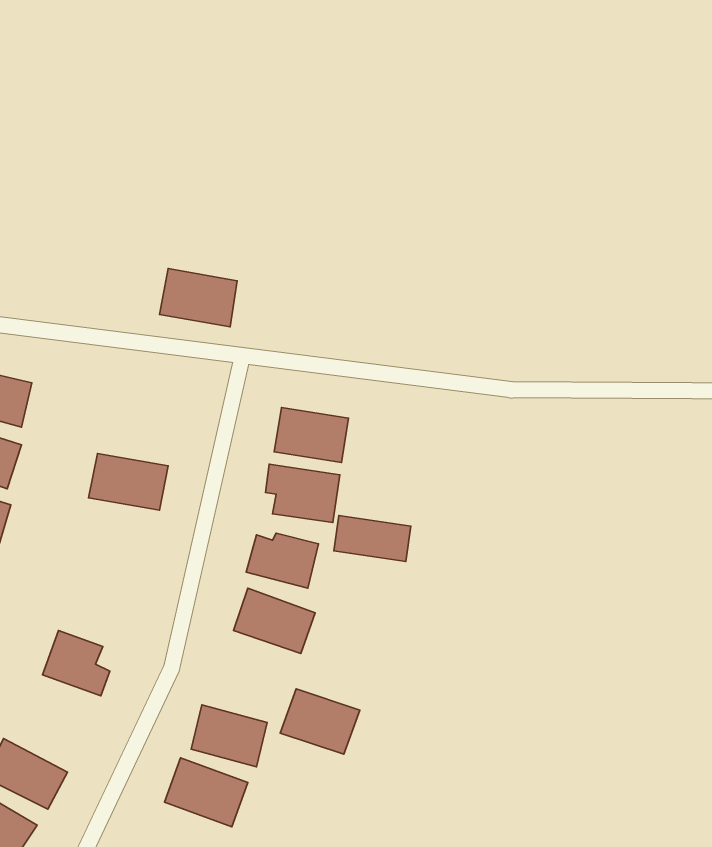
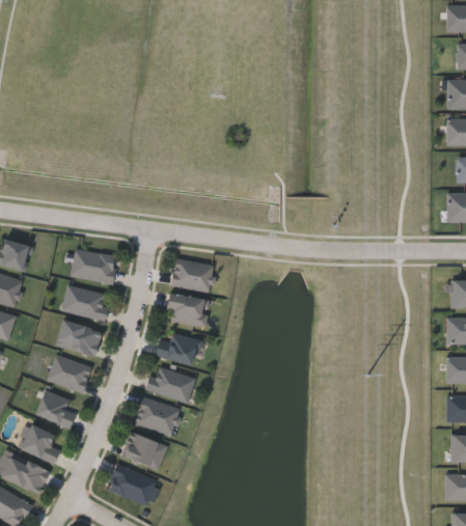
building: [159,268,237,327] -> [71,250,116,284]
building: none -> [55,321,102,356]
building: [334,516,411,561] -> none
building: none -> [47,356,91,393]
building: [280,689,360,754] -> [134,397,181,436]
building: none -> [19,424,60,465]

